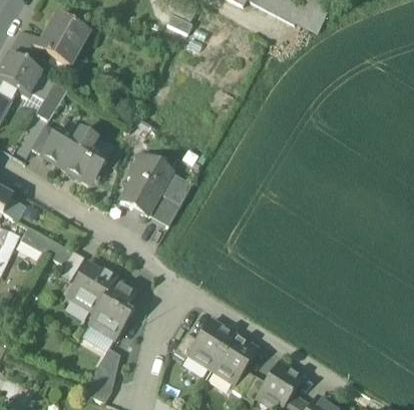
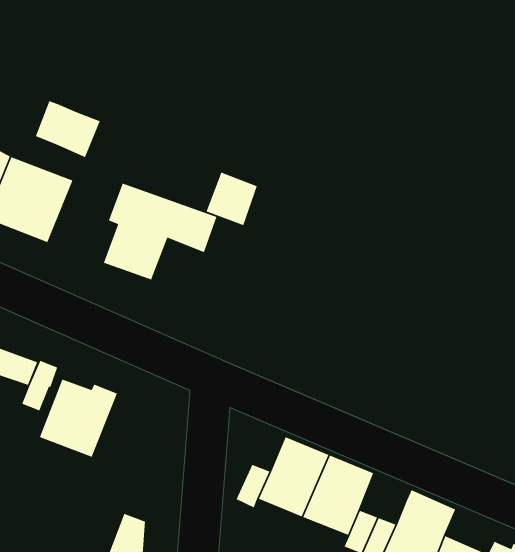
building: none -> [35,100,101,158]
building: [146,191,179,226] -> [205,171,258,226]
building: [88,279,134,338] -> none

